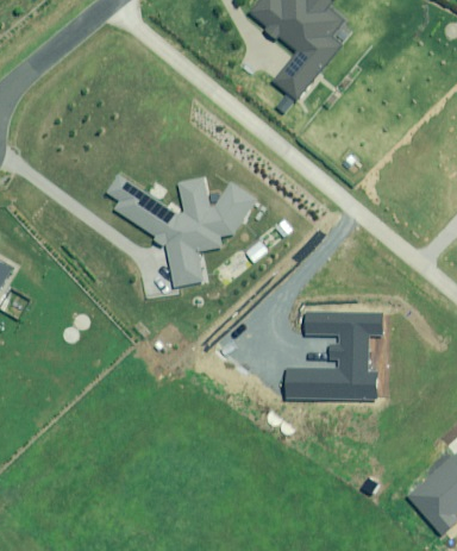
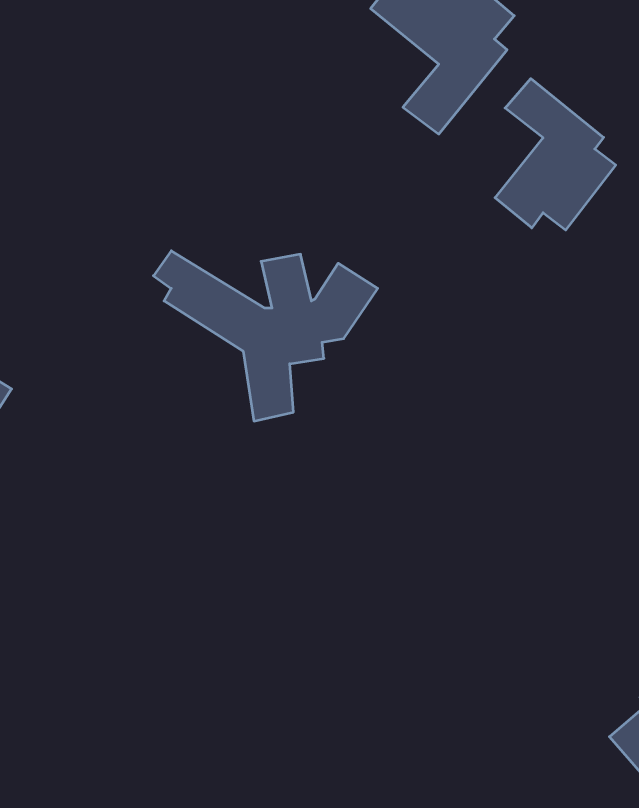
building: none -> [495,79,616,230]
building: [286,313,381,397] -> none

